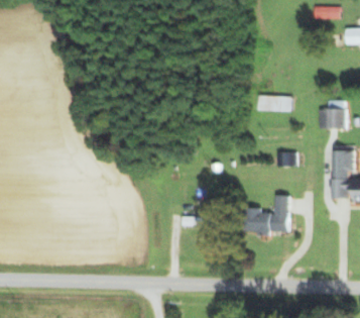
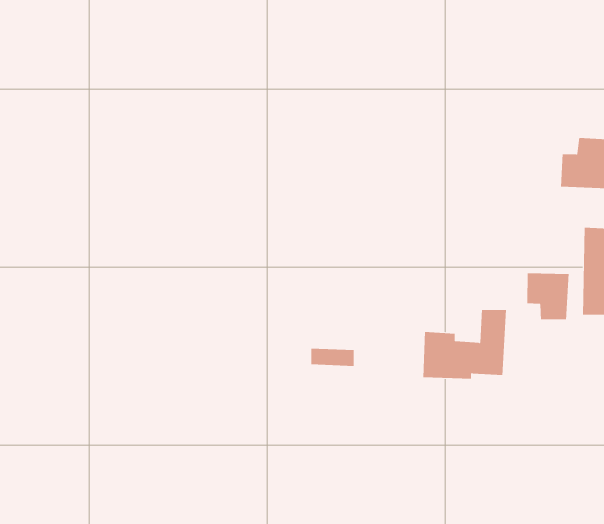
building: [257,95,291,111] -> none
building: none -> [527,272,569,320]

